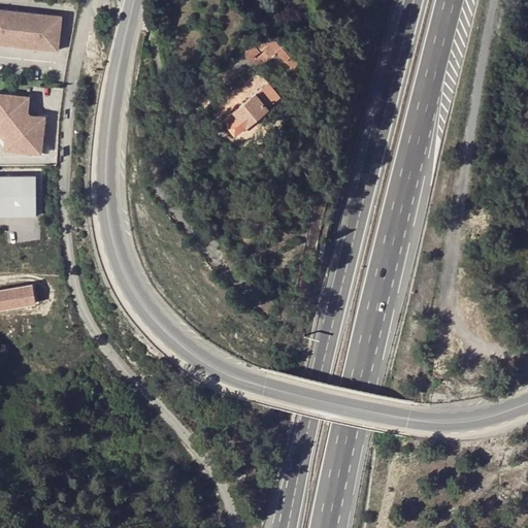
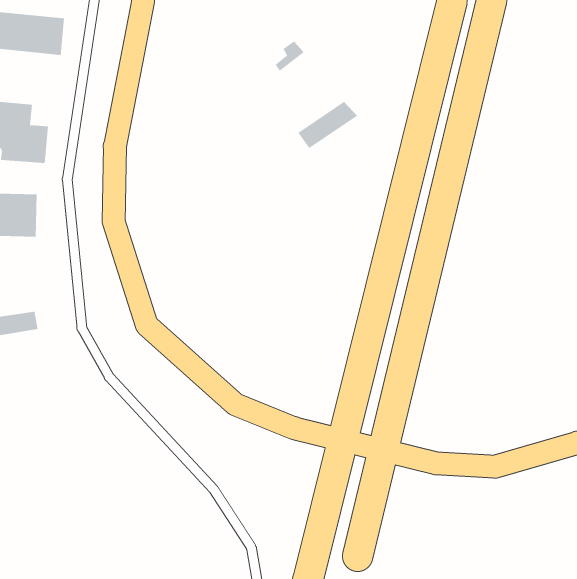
building: [229,88,284,131] -> [297,101,358,149]

